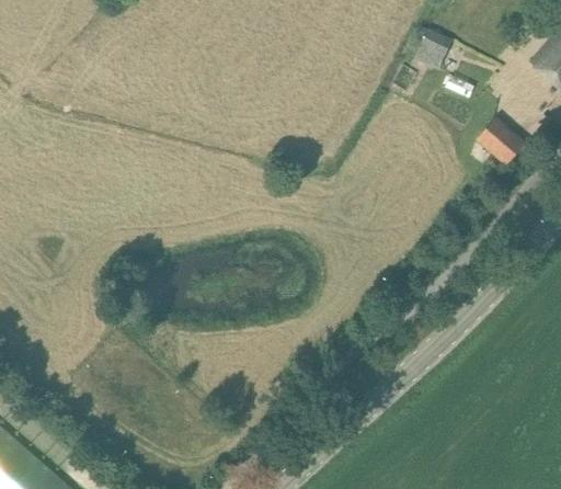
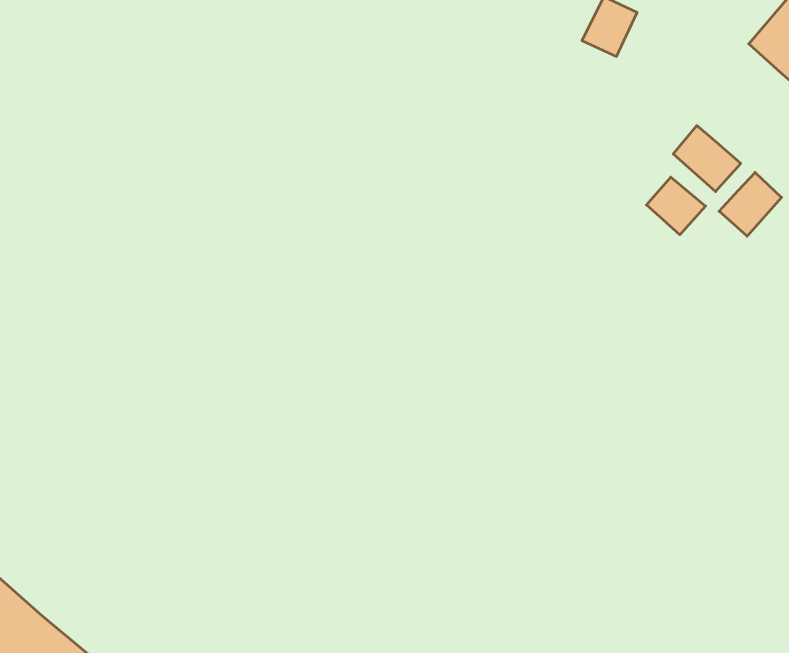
building: none -> [719,172,782,236]
building: none -> [646,177,706,235]

